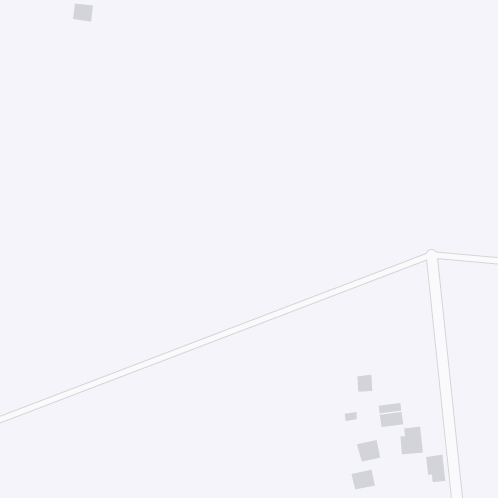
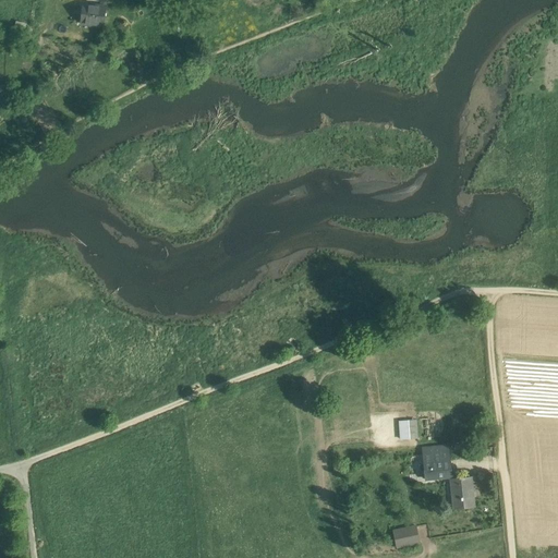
building: [356,439,381,463] -> none
building: [425,454,446,483] -> none

